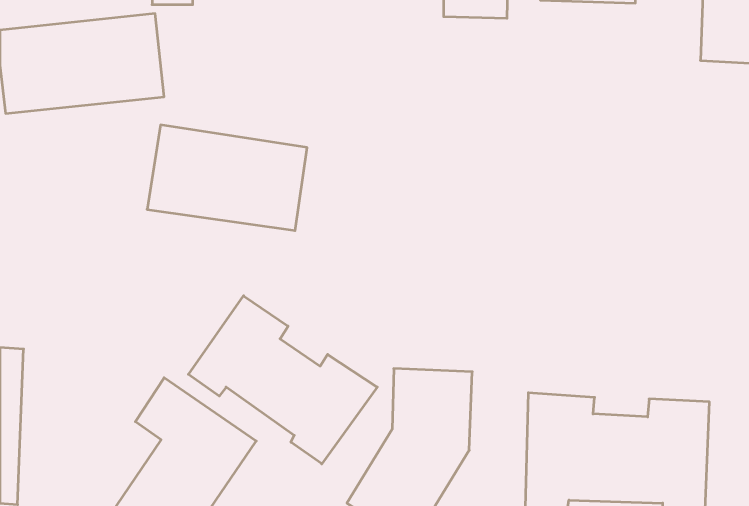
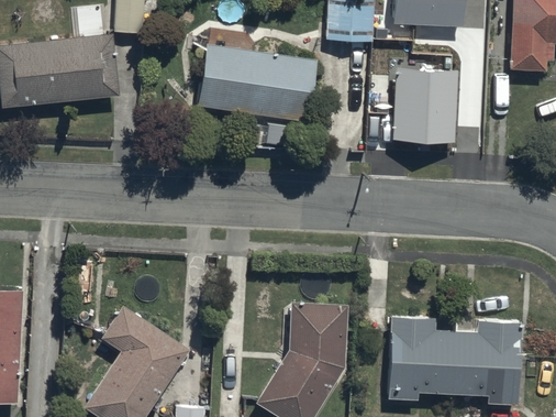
building: none -> [397,72,462,144]
building: [147,125,307,231] -> [198,50,314,127]
building: [188,296,377,464] -> none

